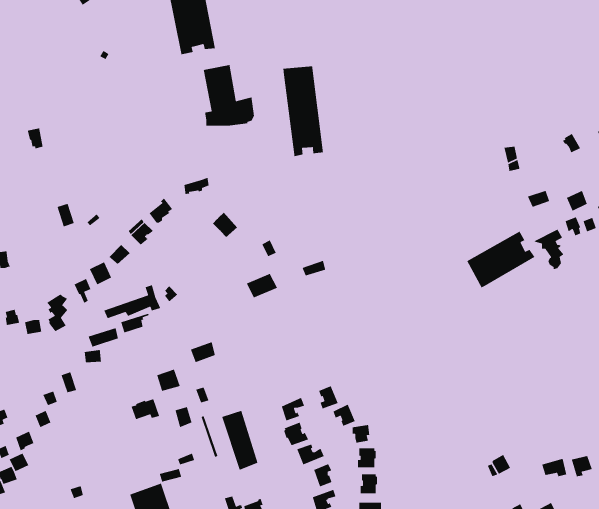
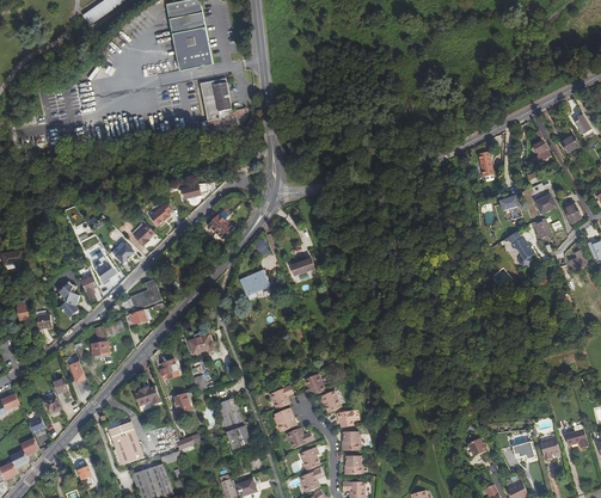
building: [282,65,324,157] -> none
building: [466,230,536,288] -> none
building: none -> [108,419,143,463]

